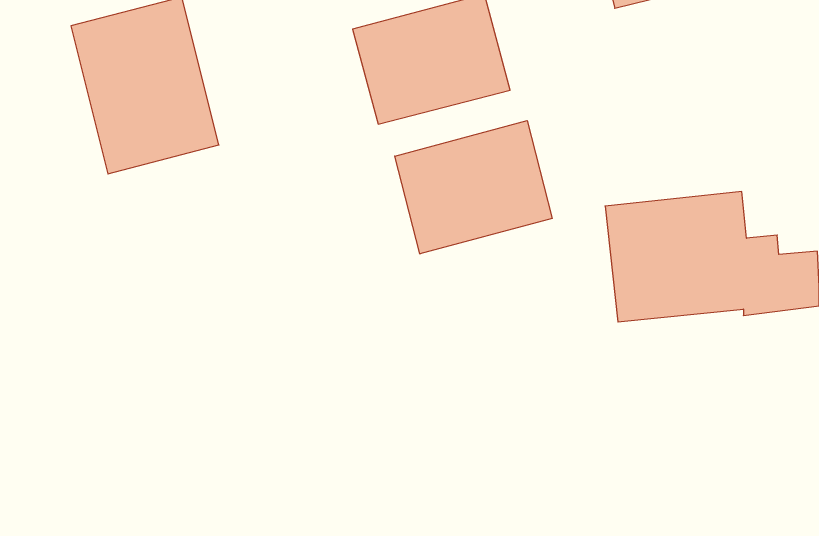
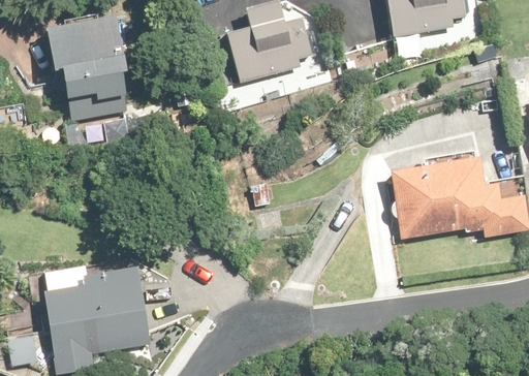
building: [395,121,552,254] -> none
building: none -> [36,274,149,365]

